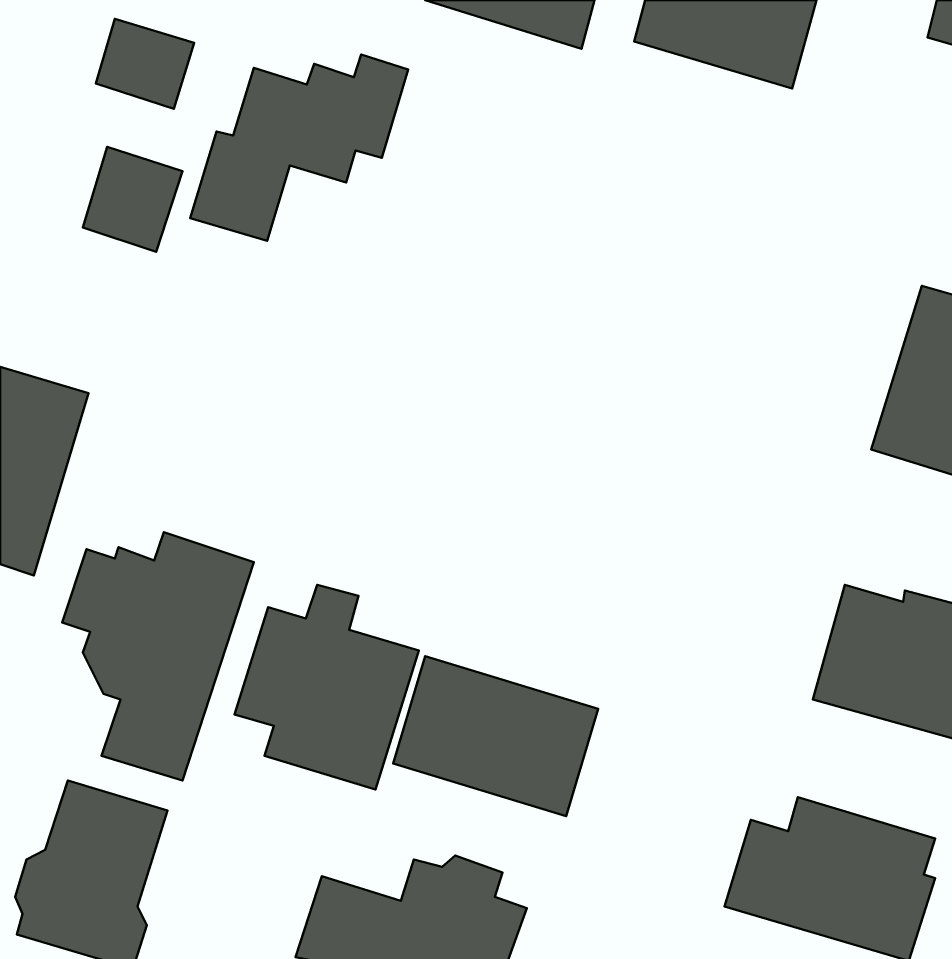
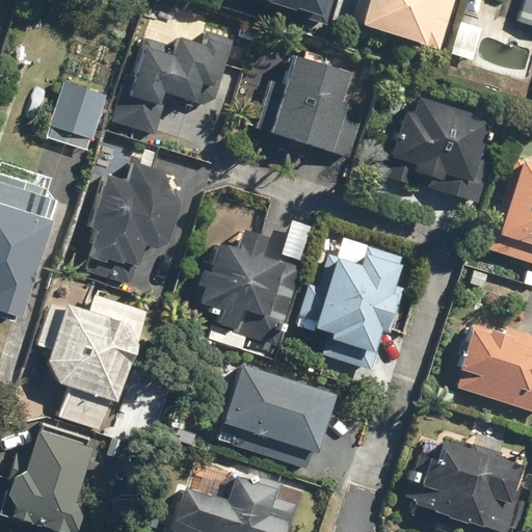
building: [96,19,194,109] -> none
building: none -> [255,55,361,156]
building: none -> [384,97,491,204]
building: none -> [88,162,179,265]
building: none -> [297,246,405,352]
building: [234,585,419,790] -> [198,230,300,343]

